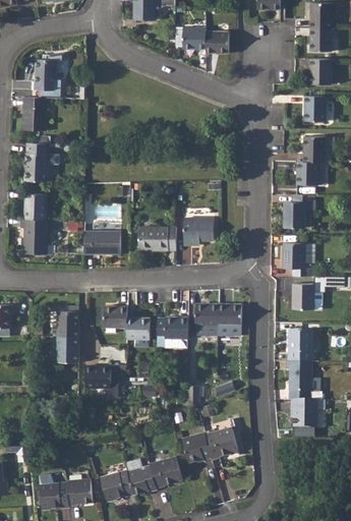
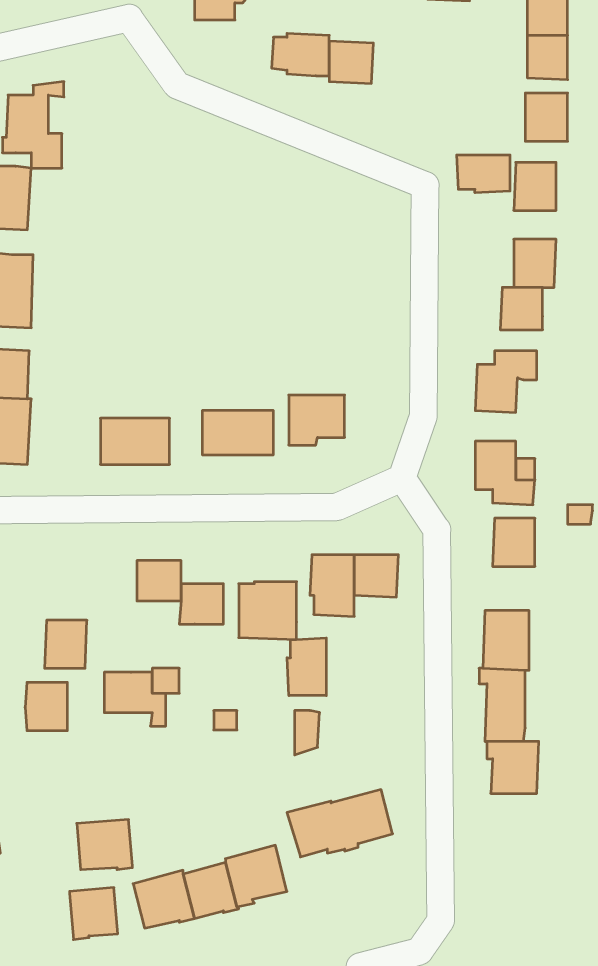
building: none -> [457,155,510,193]
building: [56,311,78,337] -> [25,682,67,731]
building: none -> [287,638,326,696]
building: [42,481,71,508] -> [77,820,132,870]

